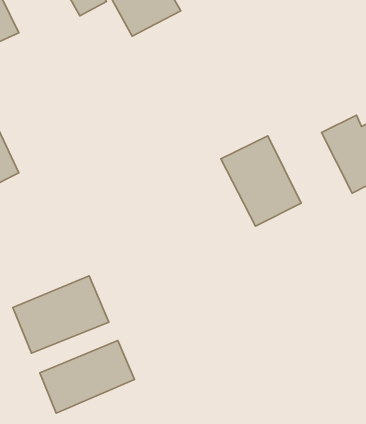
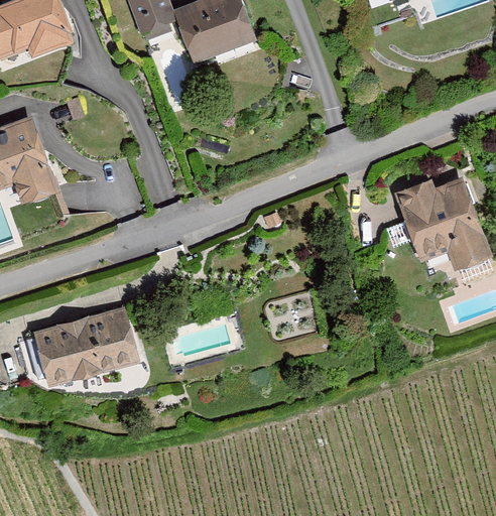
building: [221,136,301,226] -> none
building: [40,340,134,413] -> none

